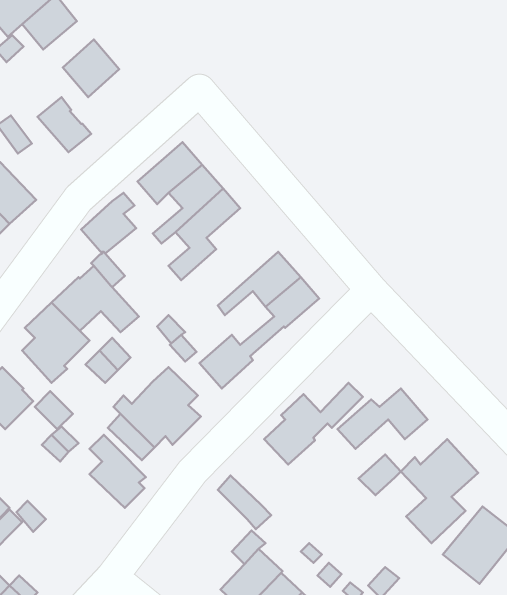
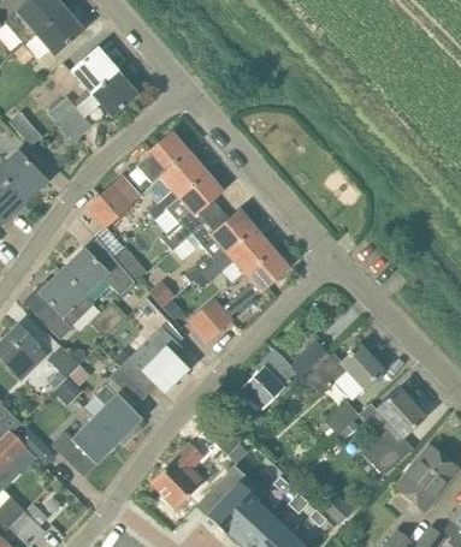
building: none -> [77,71,138,118]
building: none -> [185,209,255,283]
building: none -> [52,417,119,477]
building: none -> [150,441,205,507]

